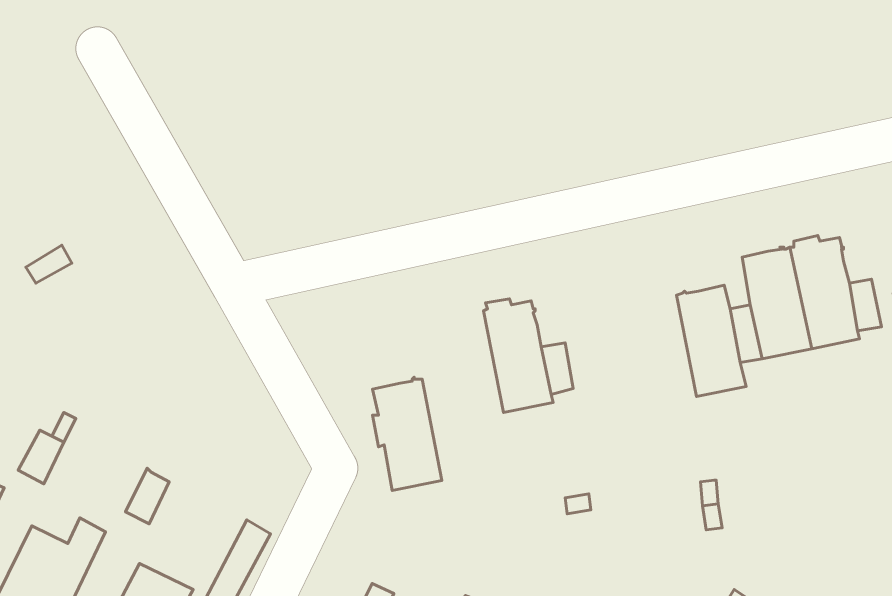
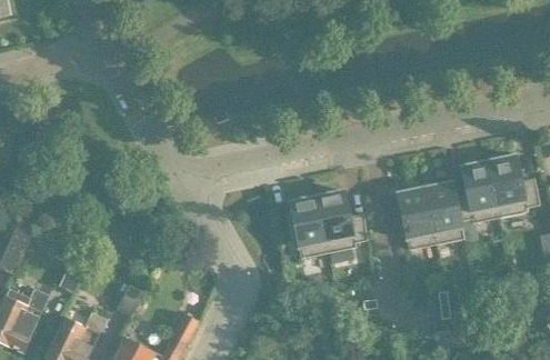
building: none -> [398,183,437,249]
building: [372,377,442,491] -> [290,194,329,258]

